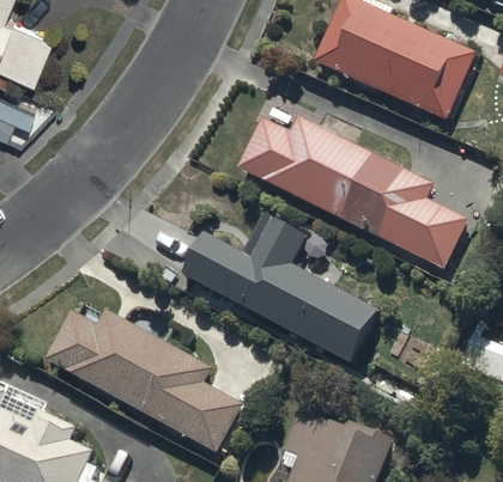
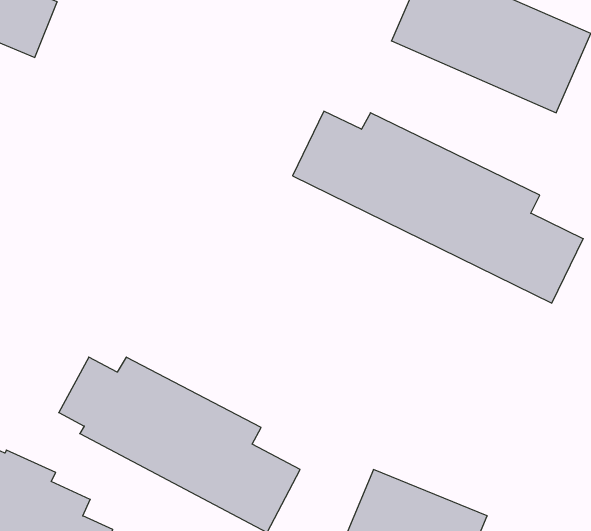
building: [183,219,376,360] -> none

